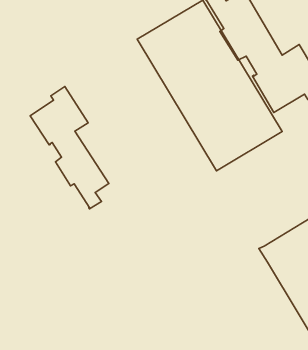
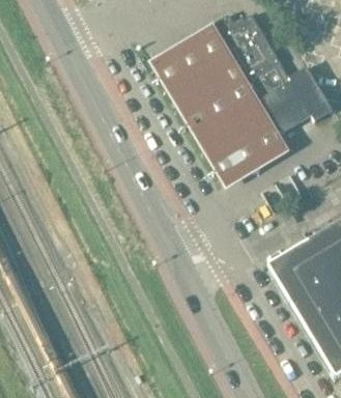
building: [30,87,109,209] -> none

